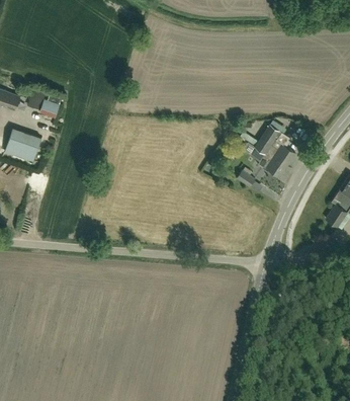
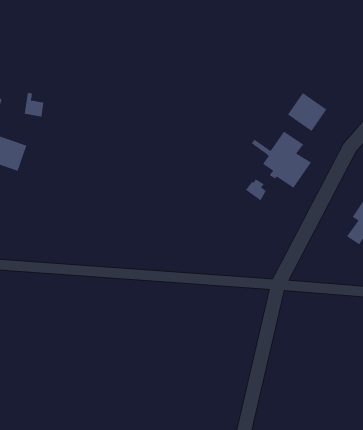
building: none -> [287,92,327,132]

